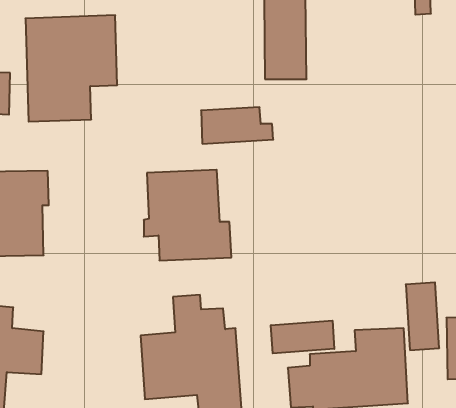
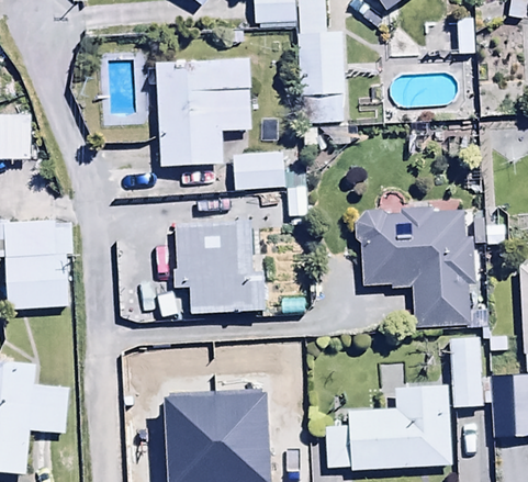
building: [25,15,117,122] -> [156,55,252,167]
building: none -> [353,206,475,323]
building: [271,321,334,353] -> none

